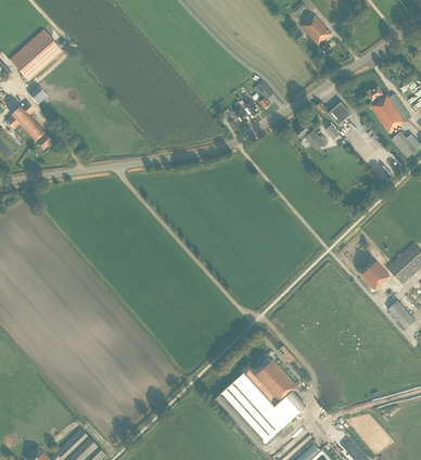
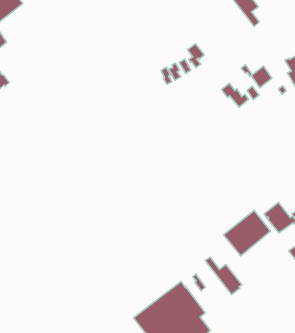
building: none -> [223,211,271,256]
building: none -> [205,257,242,295]

